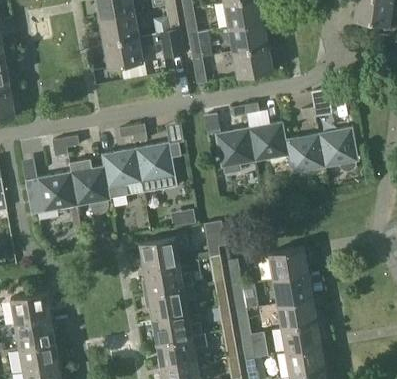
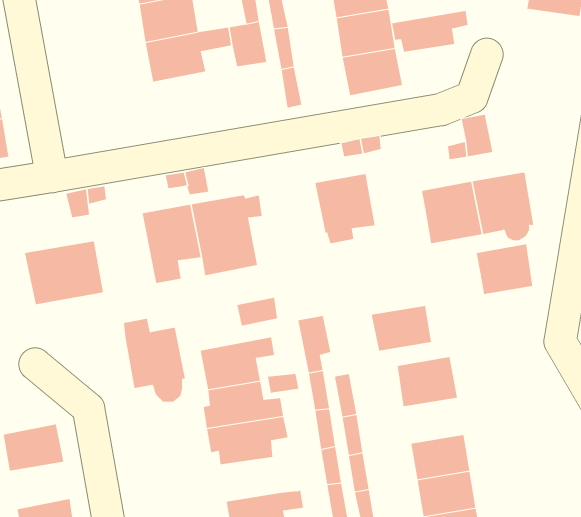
building: none -> [391,10,468,53]
building: [248,121,287,161] -> none
building: [69,153,110,214] -> [123,309,186,402]
building: none -> [476,244,533,295]
building: [272,274,312,304] -> [371,305,432,351]
building: [152,313,203,342] -> none
building: [14,316,54,347] -> none

